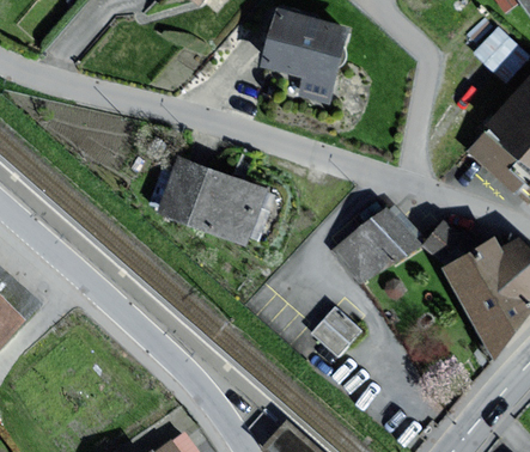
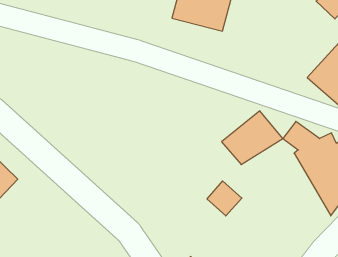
building: [156,155,268,245] -> none

